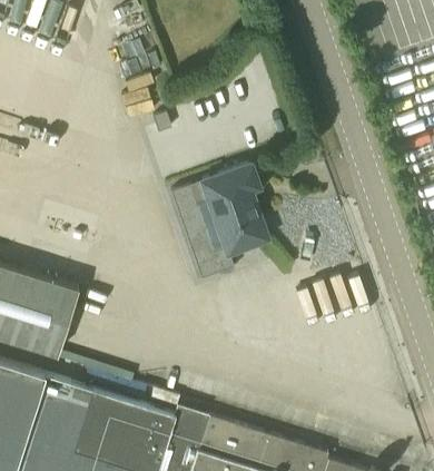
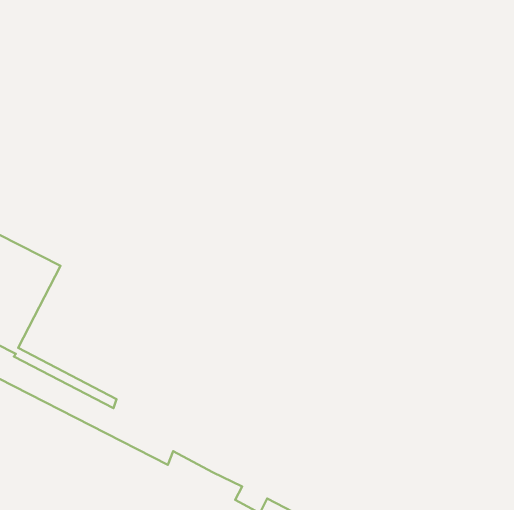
building: [174,165,268,281] -> none

